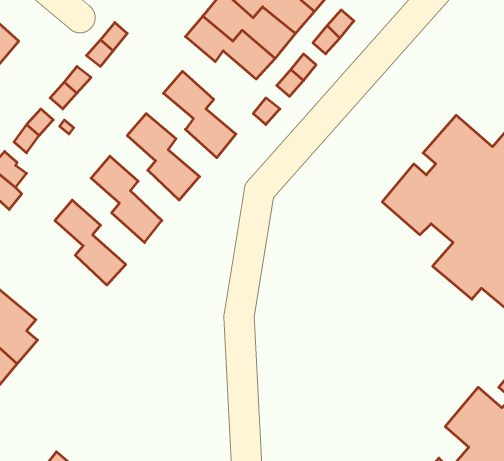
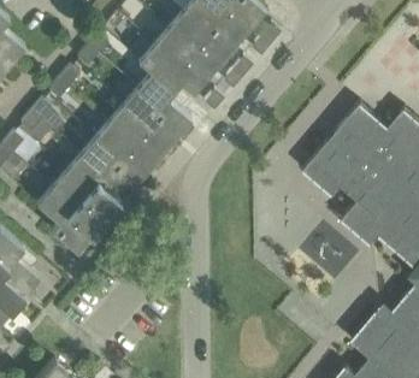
building: none -> [138,45,207,94]
building: none -> [123,88,177,152]
building: none -> [95,120,148,185]
building: none -> [66,153,122,219]
building: none -> [37,185,93,253]

